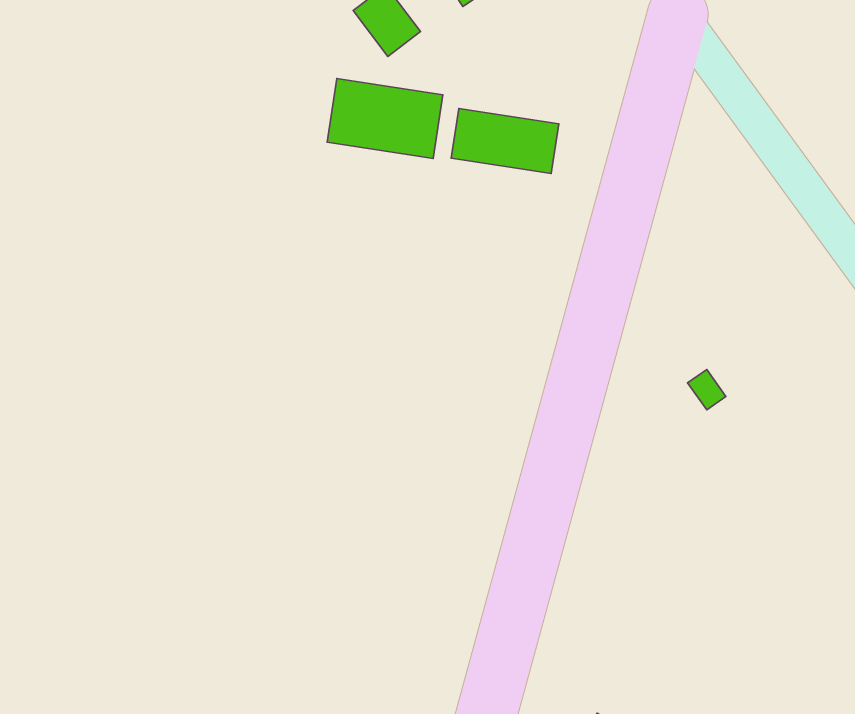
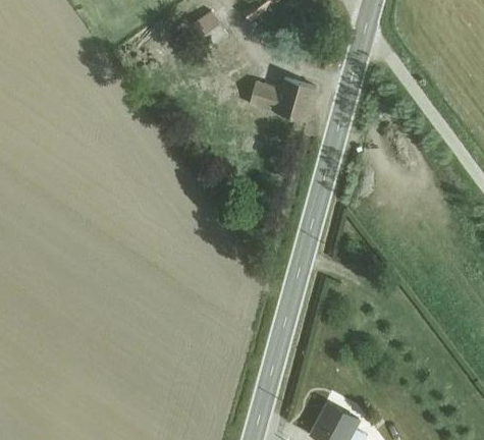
building: [327,79,443,158] -> none

